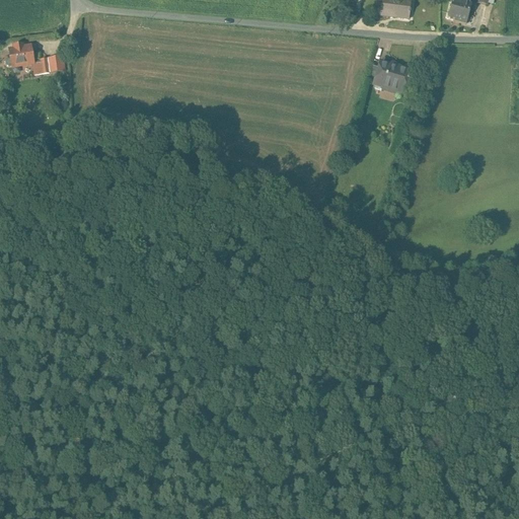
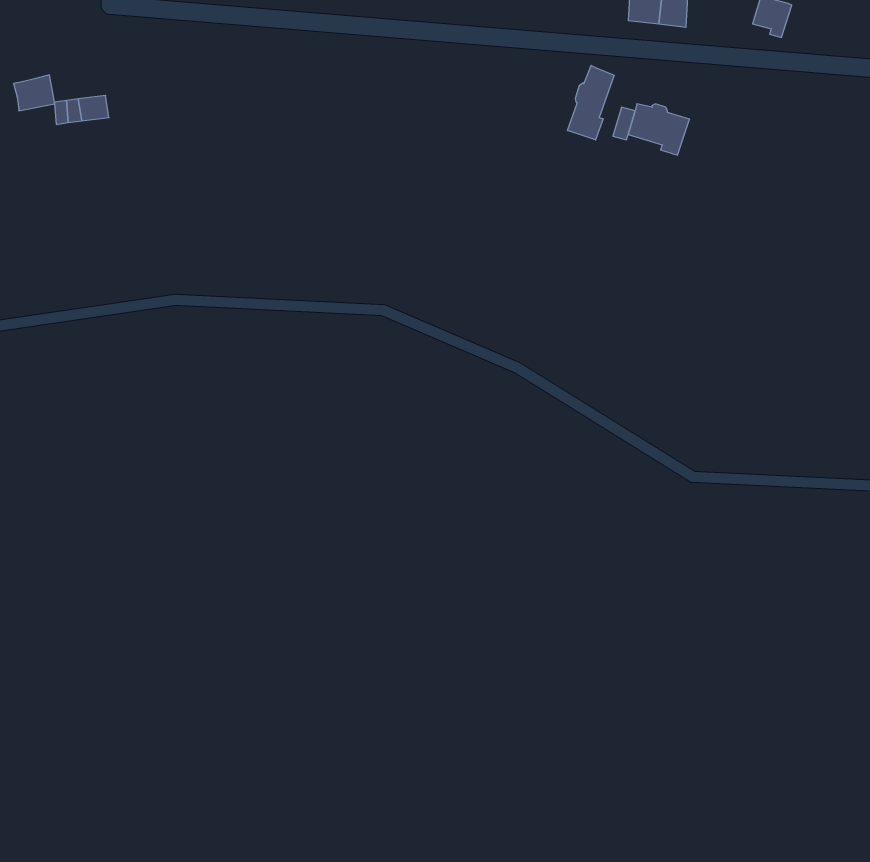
building: none -> [568,65,614,140]

